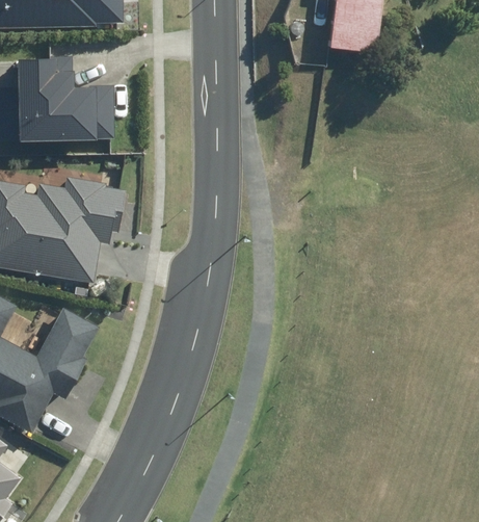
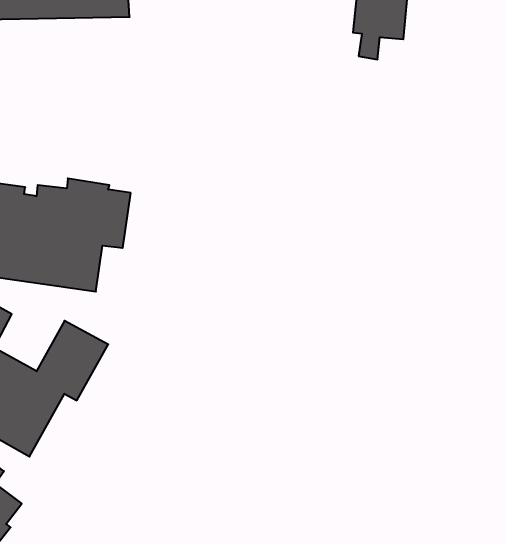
building: [15,58,117,141] -> none

